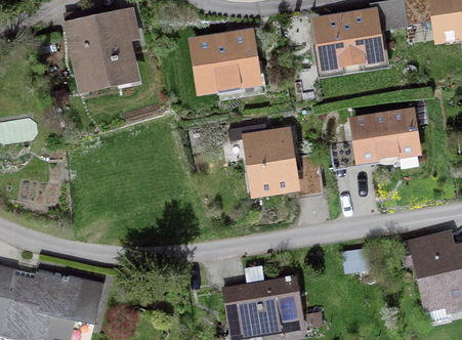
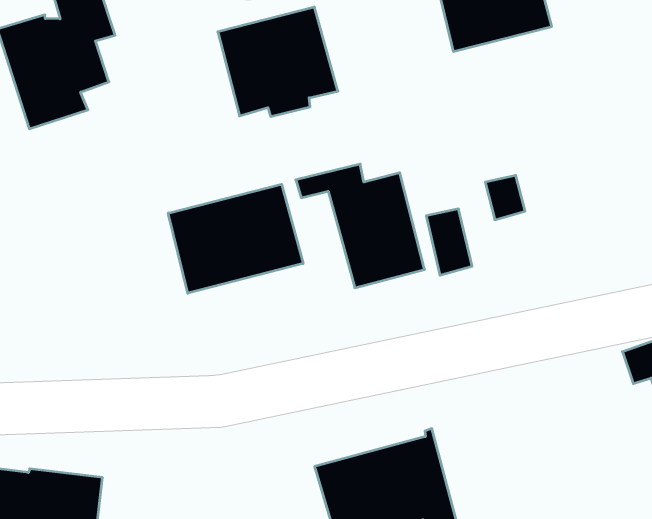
building: [354,112,418,158] -> none
building: none -> [168,184,303,293]

